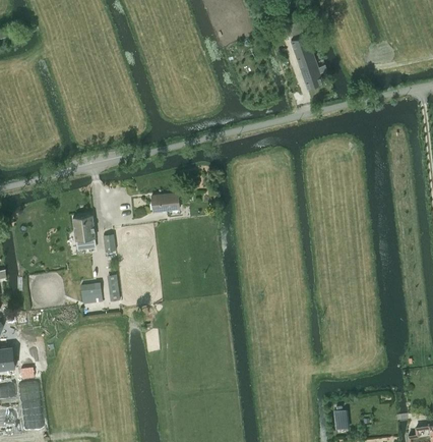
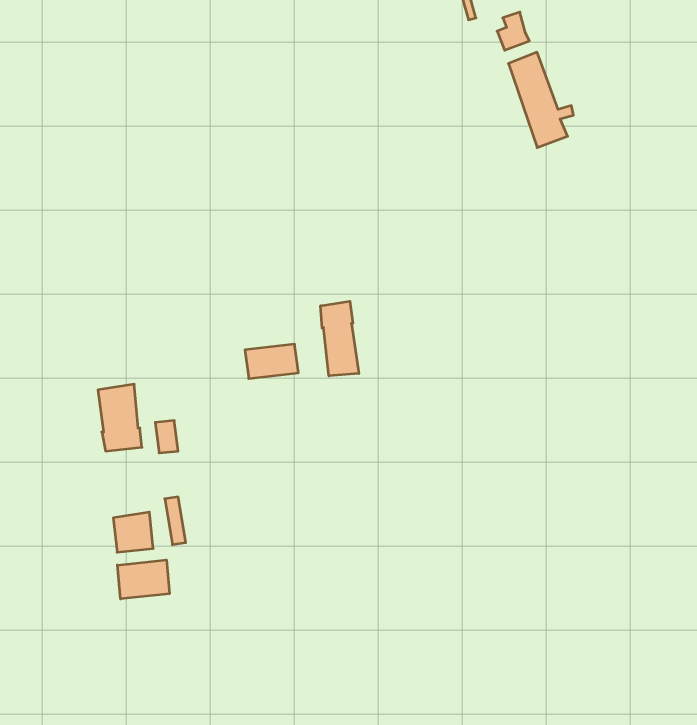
building: none -> [321,301,359,376]
building: none -> [117,560,169,599]

